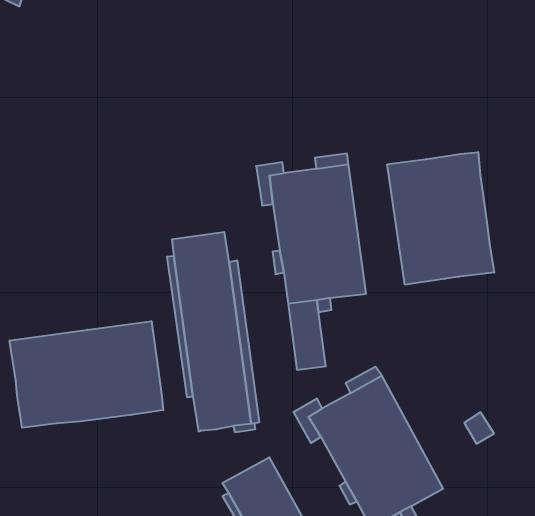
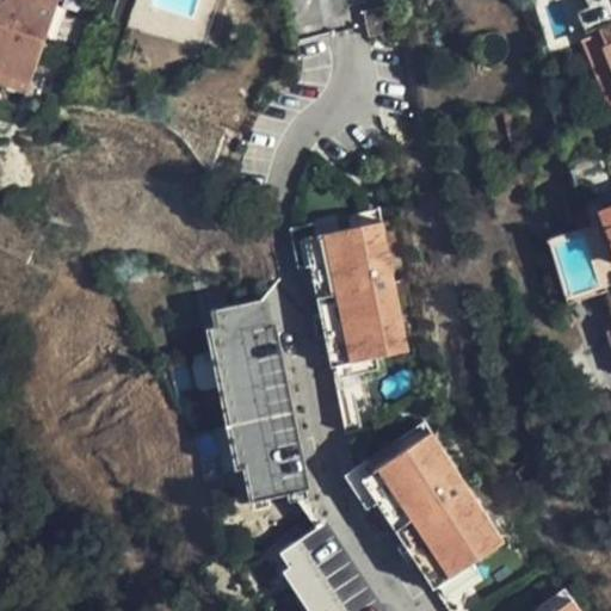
building: [387,152,494,285] -> none
building: [10,321,163,428] -> none

